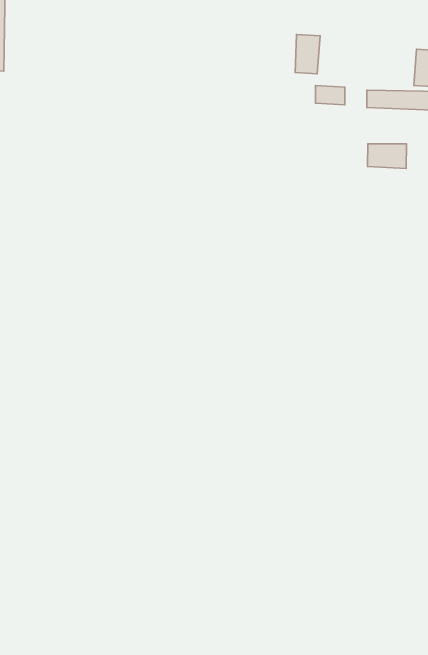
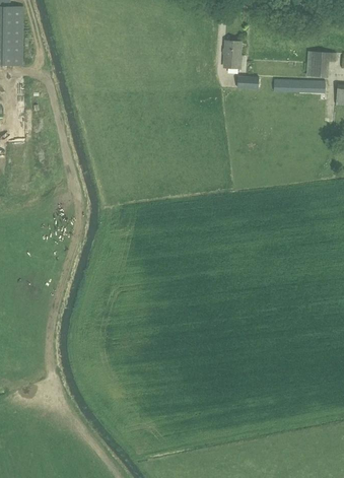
building: [367,144,407,168] -> none

